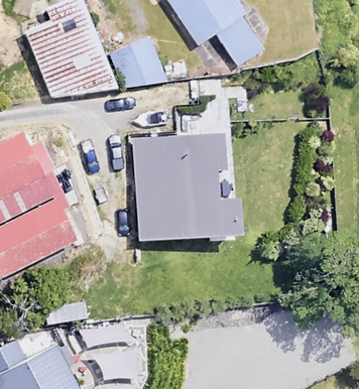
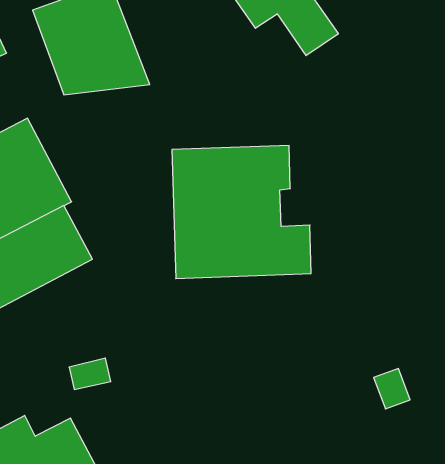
building: [117,42,163,90] -> none

